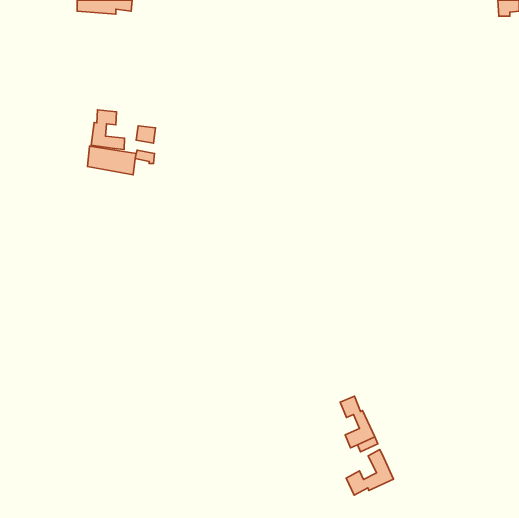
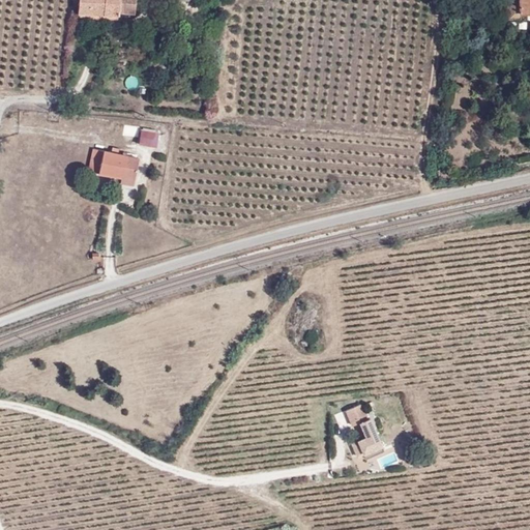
building: [91,110,124,149] -> none
building: [346,449,393,495] -> none

